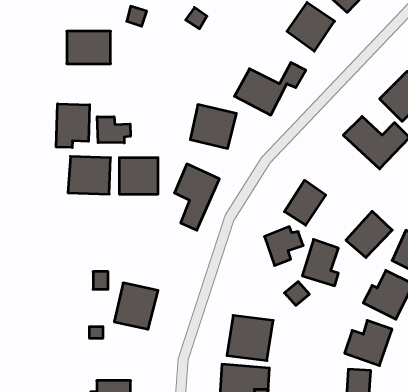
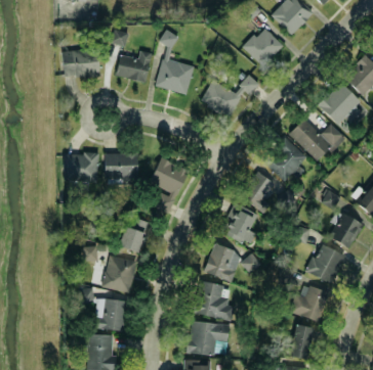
building: none -> [116,51,151,82]
building: [56,104,90,148] -> none
building: [190,105,236,148] -> [156,58,194,94]
building: [97,117,130,143] -> none
building: [346,211,392,258] -> [270,143,307,181]
building: [302,239,338,286] -> [205,243,235,281]
building: none -> [119,227,146,252]
building: none -> [93,298,127,331]

